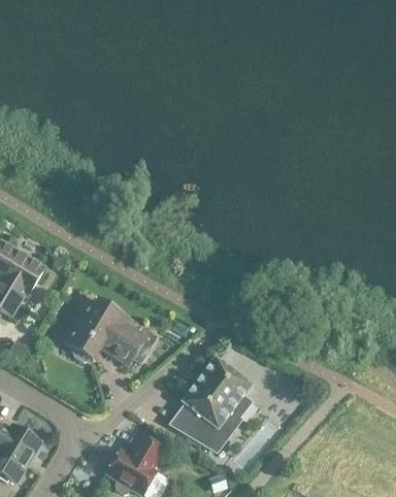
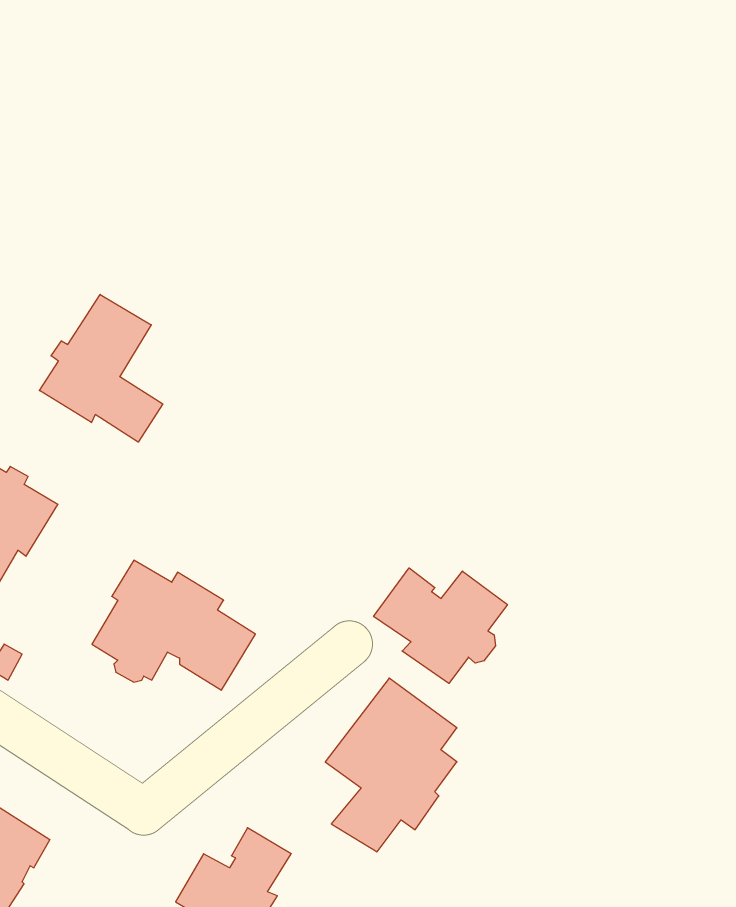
building: none -> [39,294,163,442]
building: none -> [374,568,507,683]

